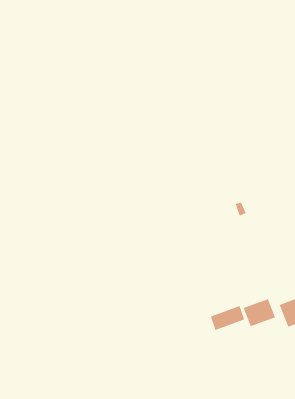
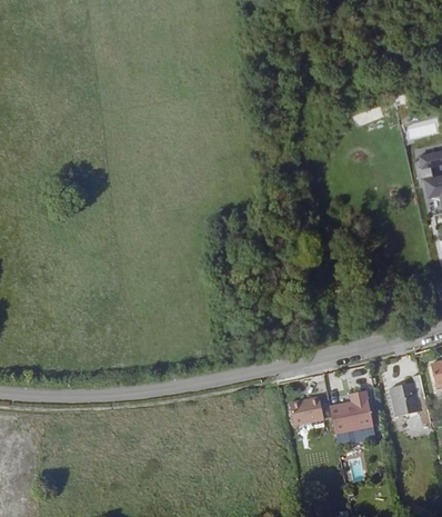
building: [210,305,245,331] -> none

